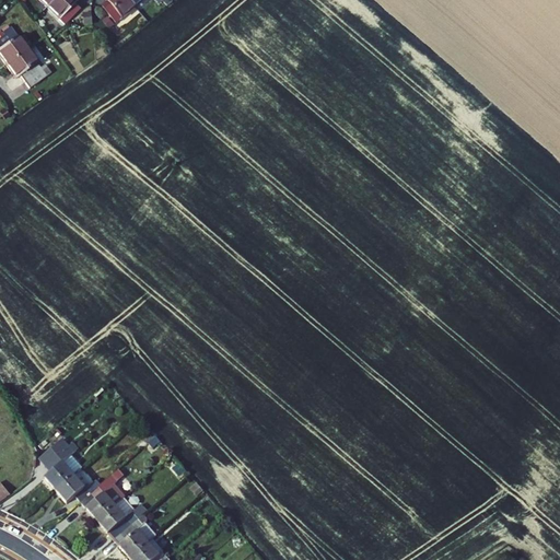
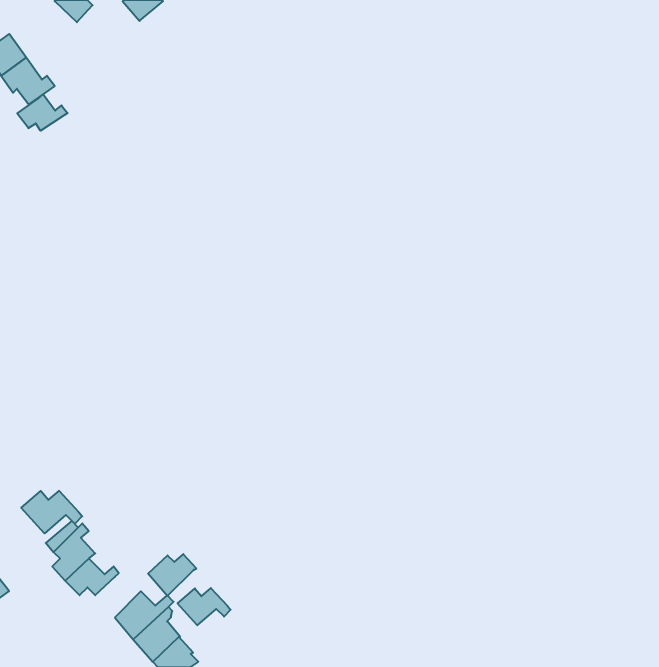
building: none -> [17,94,68,131]
building: none -> [21,491,82,533]
building: [80,482,120,517] -> [148,554,196,596]
building: none -> [178,588,231,625]

